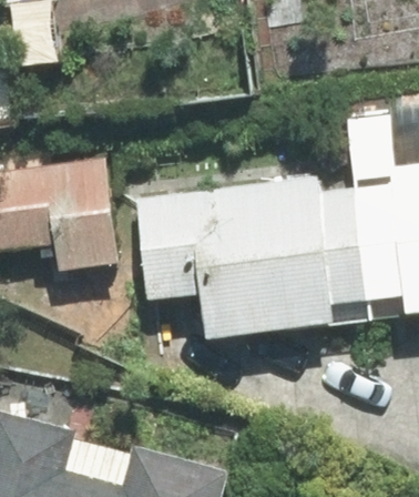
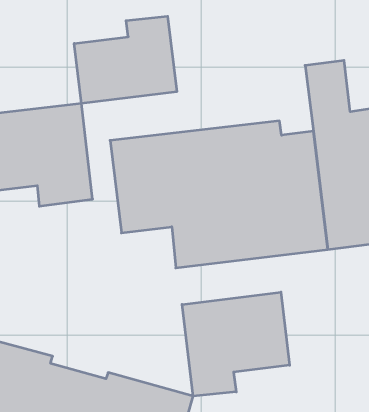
building: none -> [74,16,177,103]
building: none -> [182,292,290,396]

